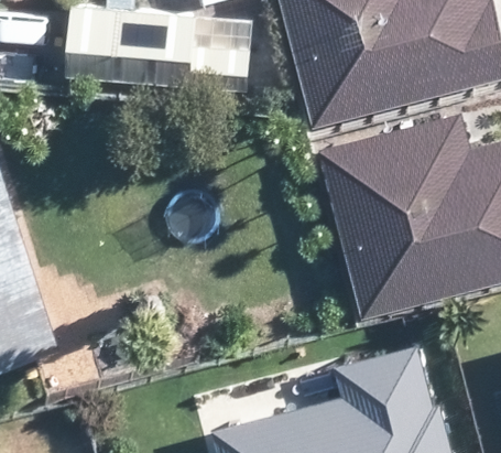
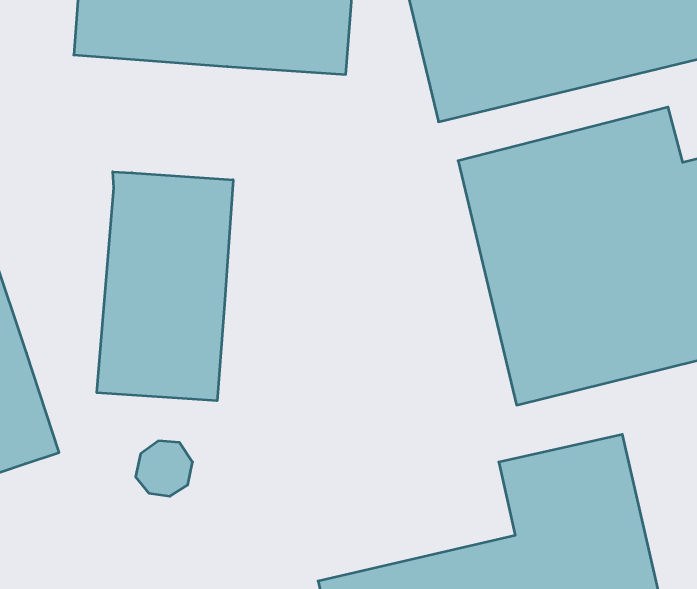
building: none -> [97,172,233,401]

